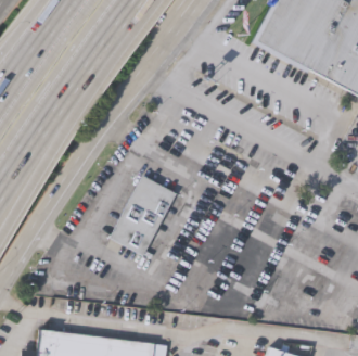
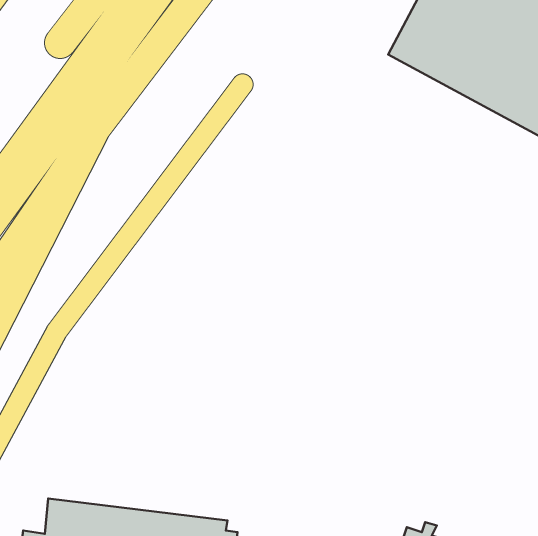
building: [112,174,179,254] -> none

